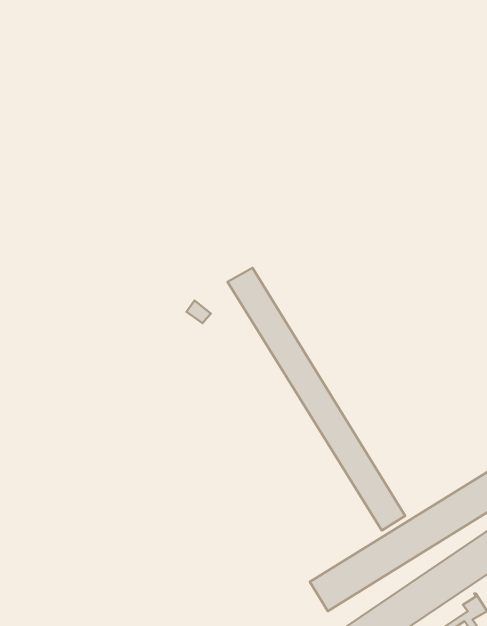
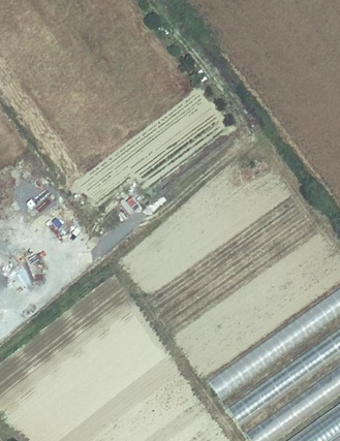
building: [228,268,405,530] -> none

